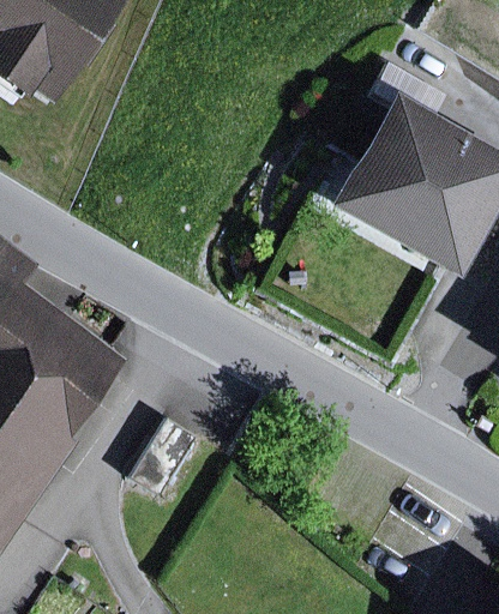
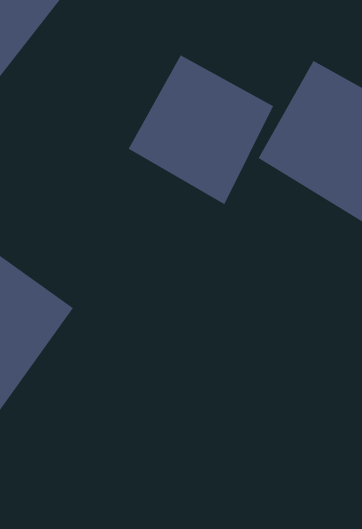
building: none -> [128,54,274,205]

